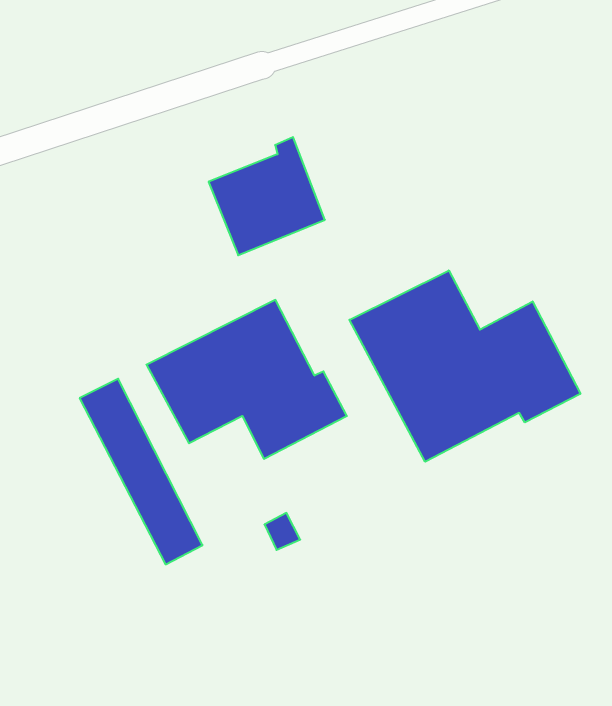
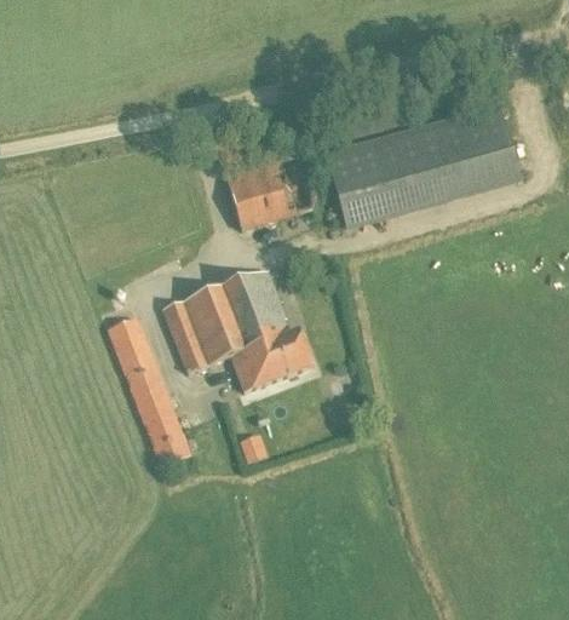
building: none -> [327,107,519,224]
building: [349,270,580,462] -> none

